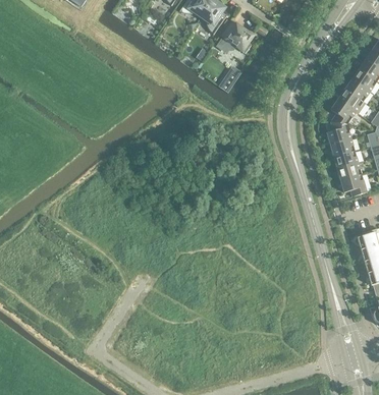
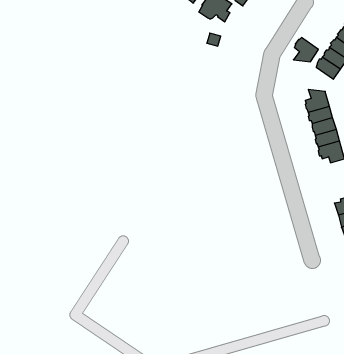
building: [330,100,356,124] -> [293,38,318,62]

